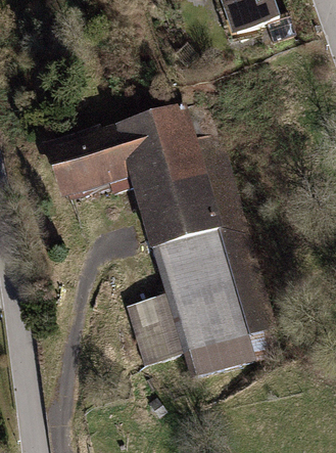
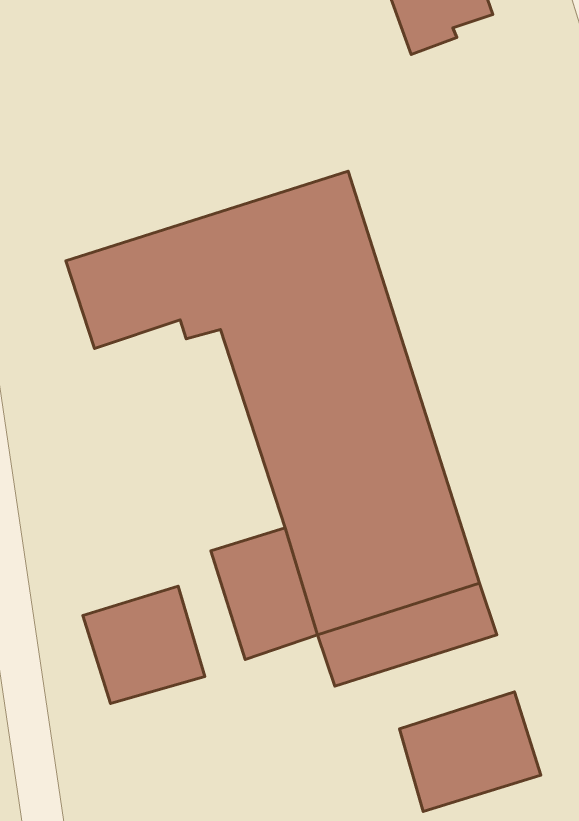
building: none -> [83,586,205,704]
building: none -> [400,692,541,812]

